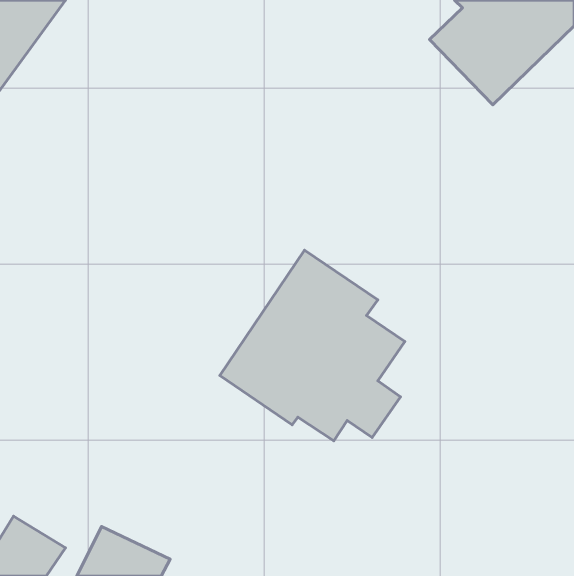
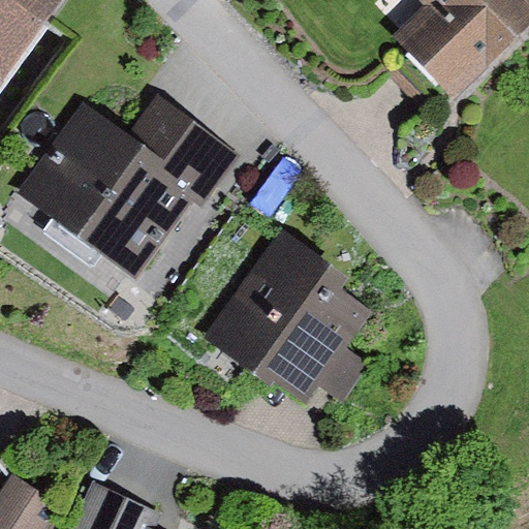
building: none -> [21,94,240,270]

